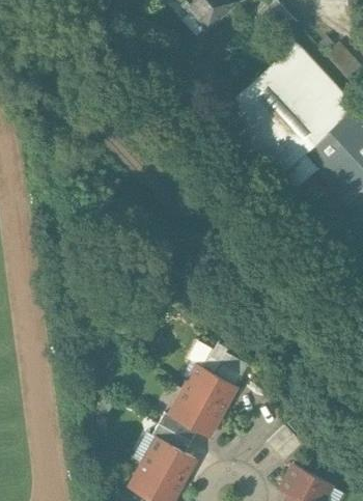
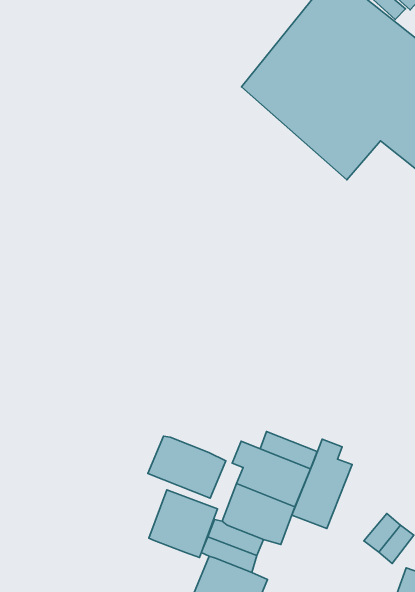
building: none -> [148,436,226,498]
building: none -> [292,439,352,528]
building: none -> [149,490,217,557]

